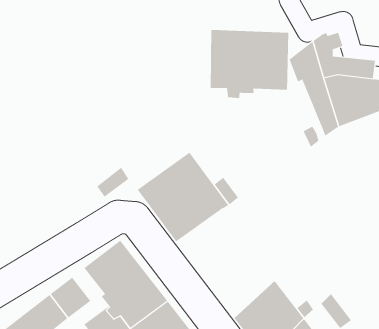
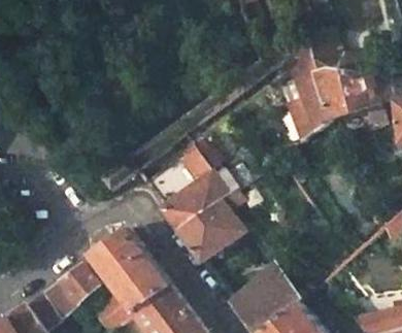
building: [210,29,289,99] -> none
building: none -> [176,199,243,263]

